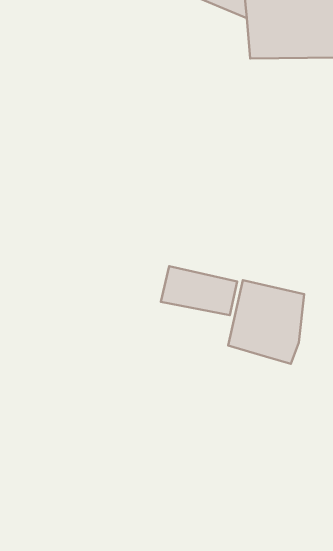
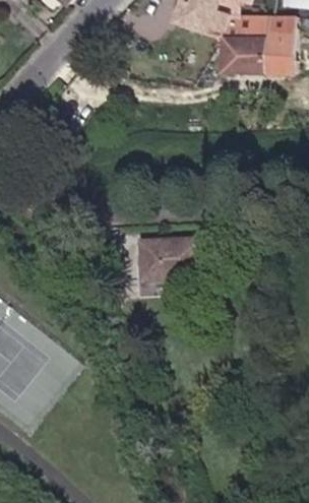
building: [228,280,304,364] -> none

